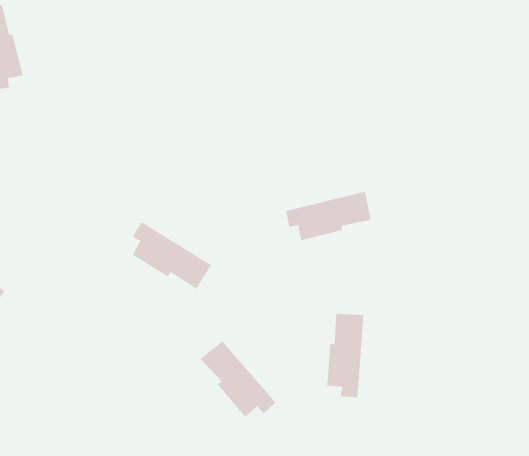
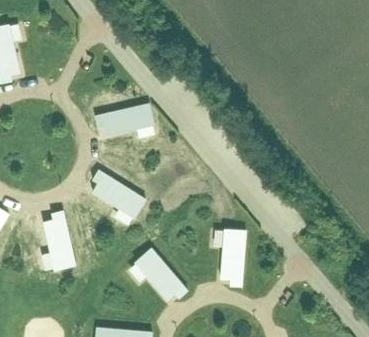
building: [286,191,371,241] -> [95,104,152,137]
building: none -> [43,211,75,269]

